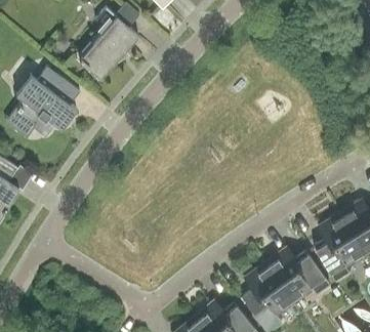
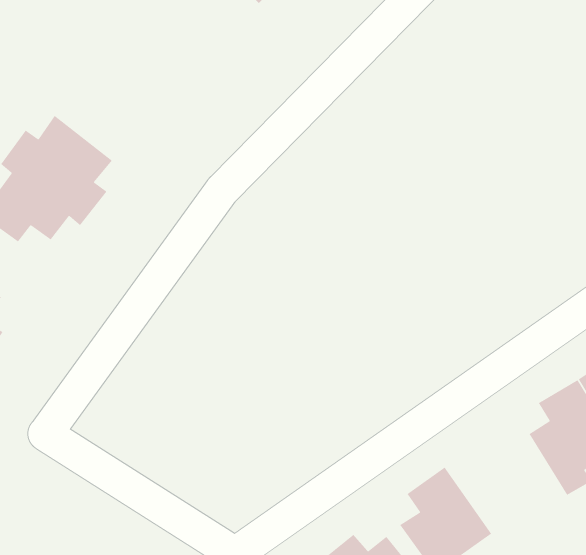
building: [79,6,138,77] -> none
building: [266,248,330,301] -> none

